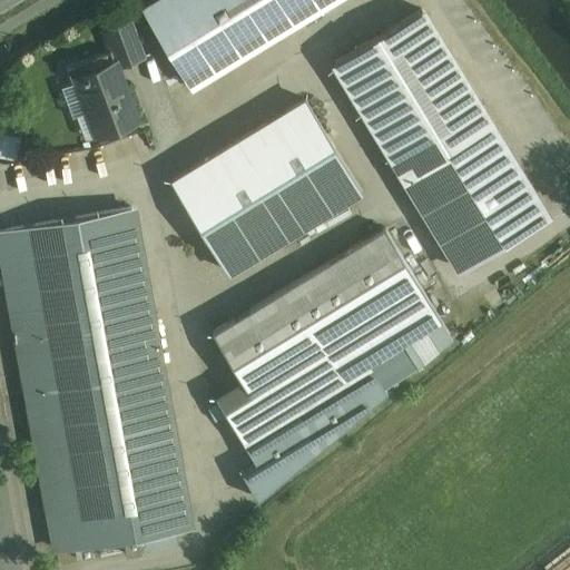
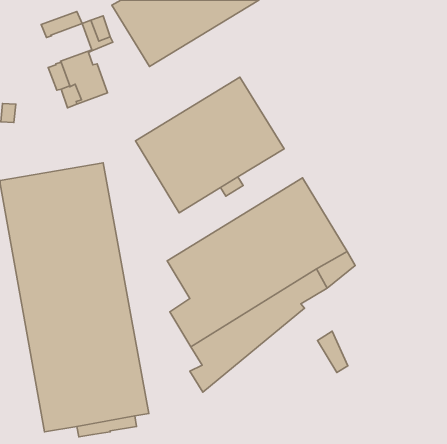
building: [335,13,548,273] -> none
building: [65,52,117,86] -> [41,11,82,38]
building: none -> [317,331,348,373]

